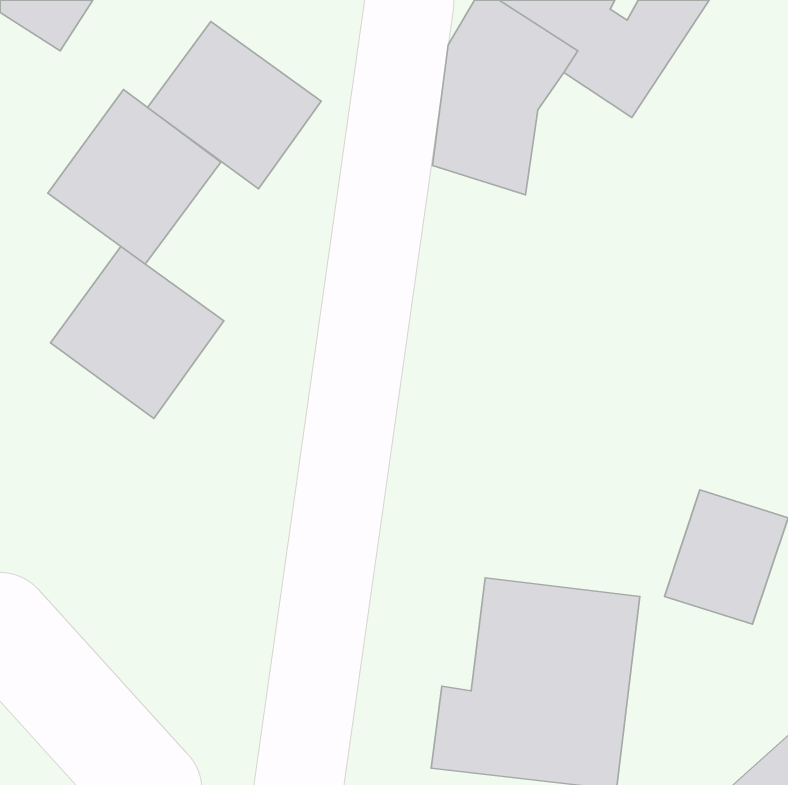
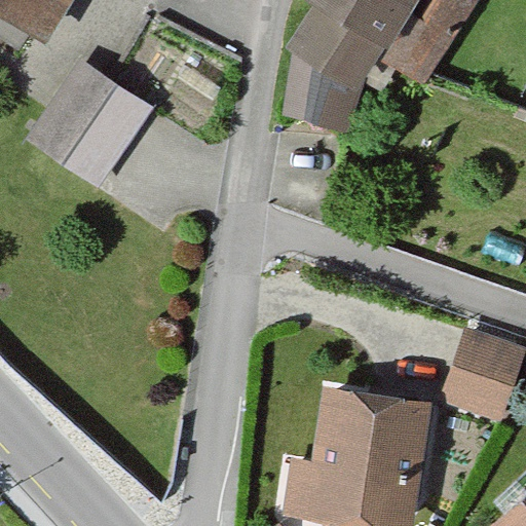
building: [148,21,321,189] -> none
building: [50,247,224,419] -> none

